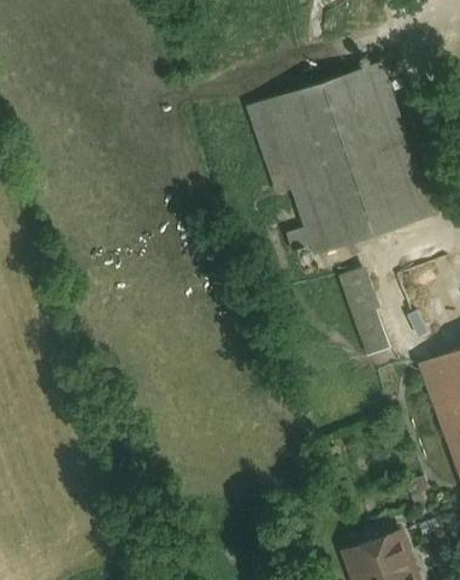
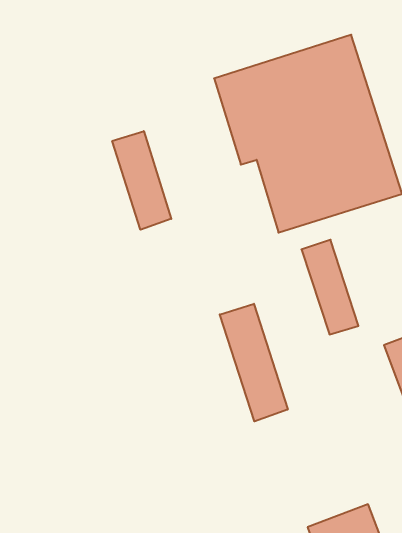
building: none -> [112,131,171,230]
building: none -> [220,304,288,421]

